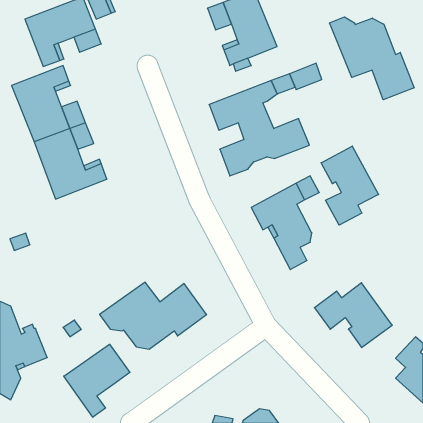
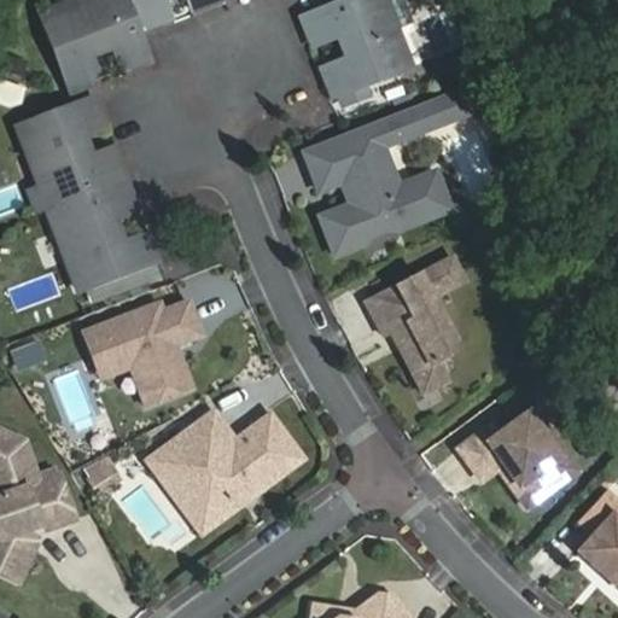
building: [330,17,414,100] -> none
building: [321,146,379,225] -> none
building: none -> [83,301,197,406]
building: [64,344,130,417] -> none

